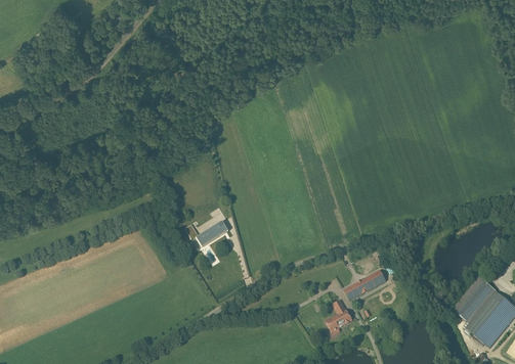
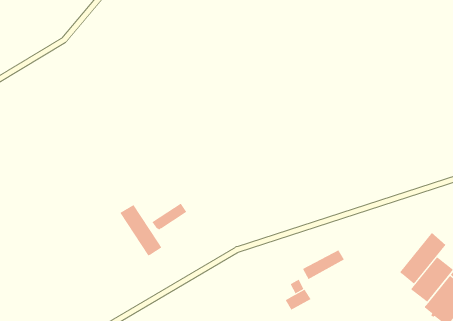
building: none -> [119,204,162,256]
building: none -> [400,232,446,285]

